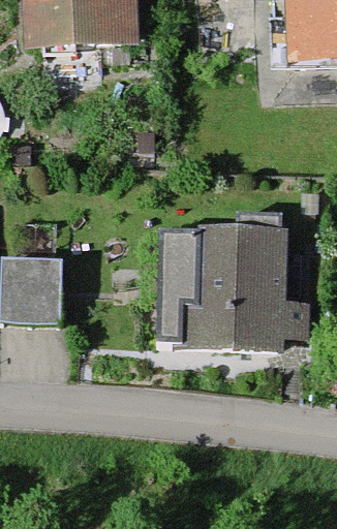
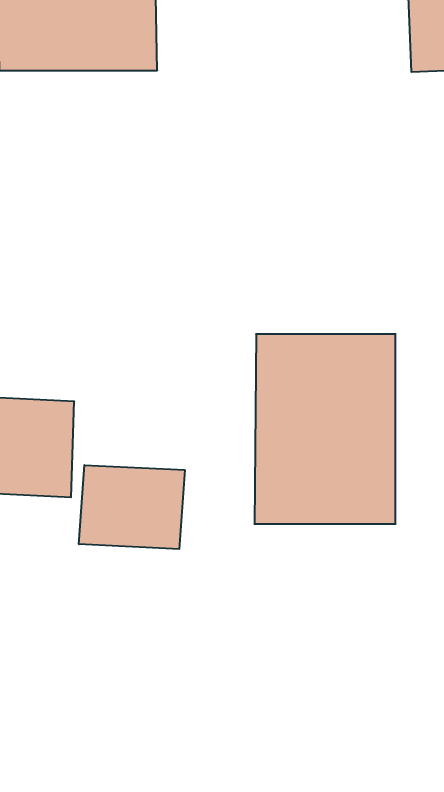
building: none -> [79,465,185,549]

